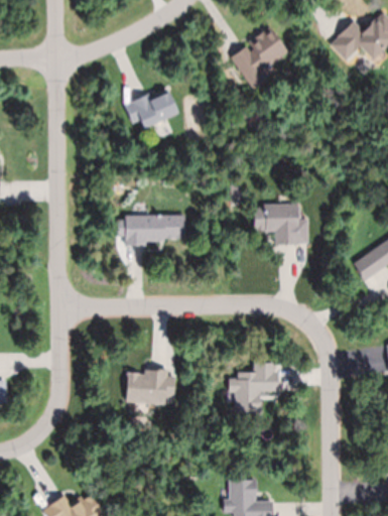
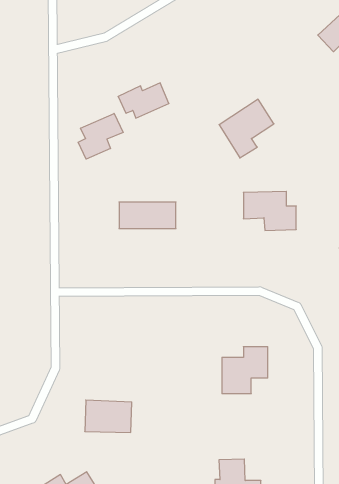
building: [230,27,286,88] -> [219,99,274,158]
building: none -> [78,113,123,159]
building: [126,370,174,403] -> [85,400,132,432]

